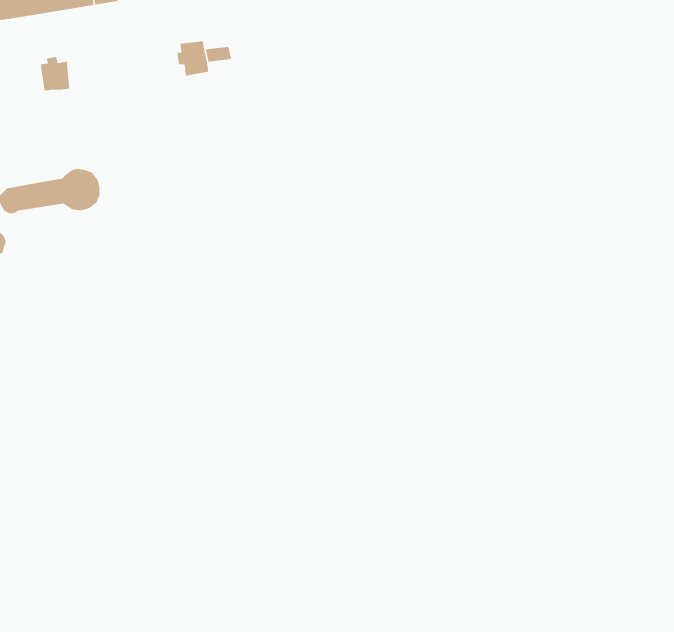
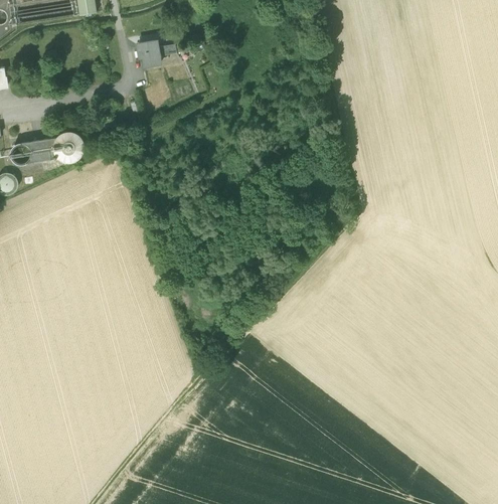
building: [40,56,70,91] -> none

